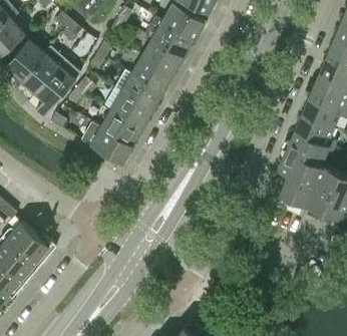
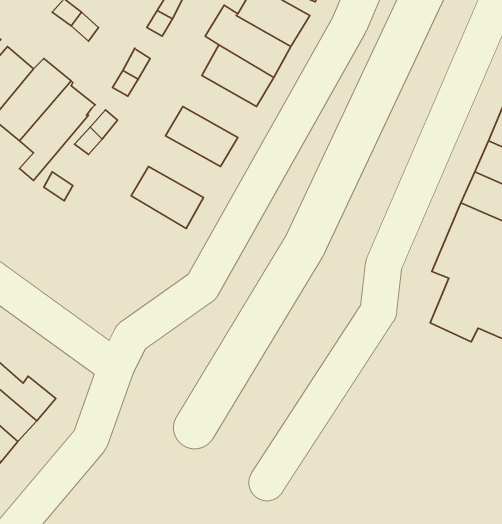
building: [131,56,175,92] -> none
building: [111,91,153,127] -> none
building: [81,121,133,163] -> none

